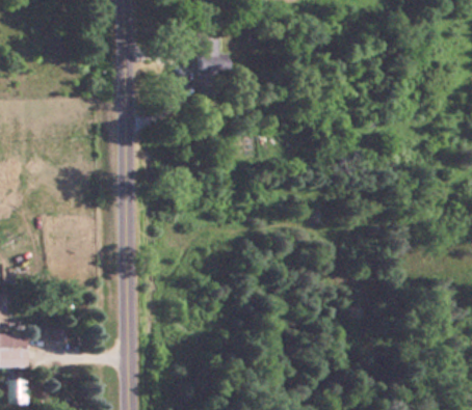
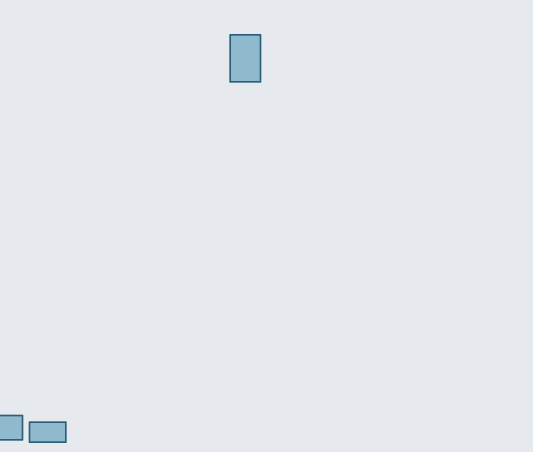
building: none -> [30,422,66,442]

